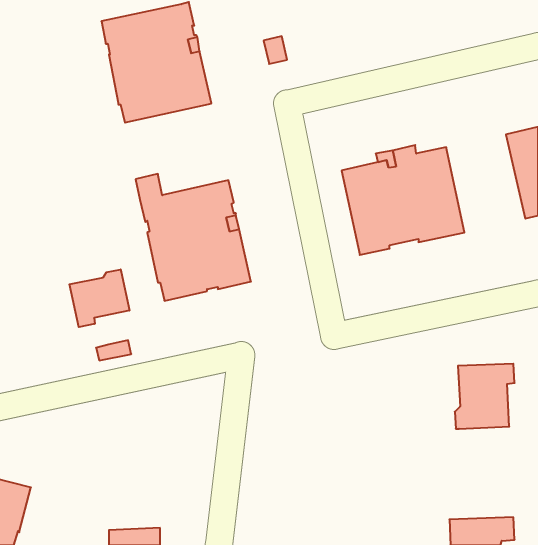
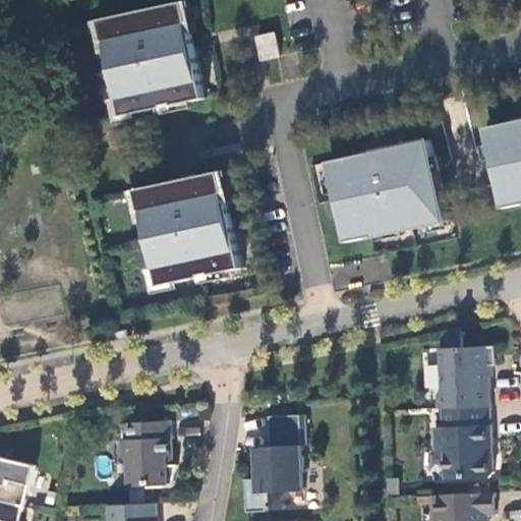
building: [69,269,129,327] -> none
building: none -> [429,407,488,480]
building: none -> [240,415,301,513]
building: none -> [117,421,172,488]

